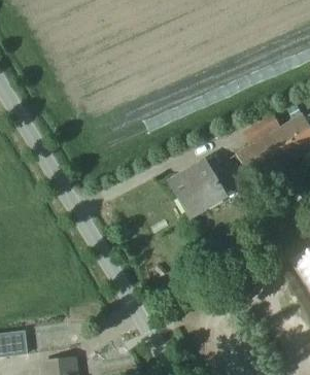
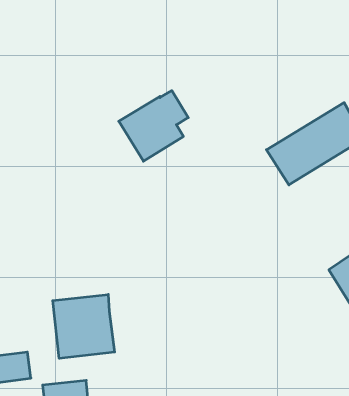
building: [169,155,230,216] -> [119,91,188,161]
building: none -> [53,294,115,358]

